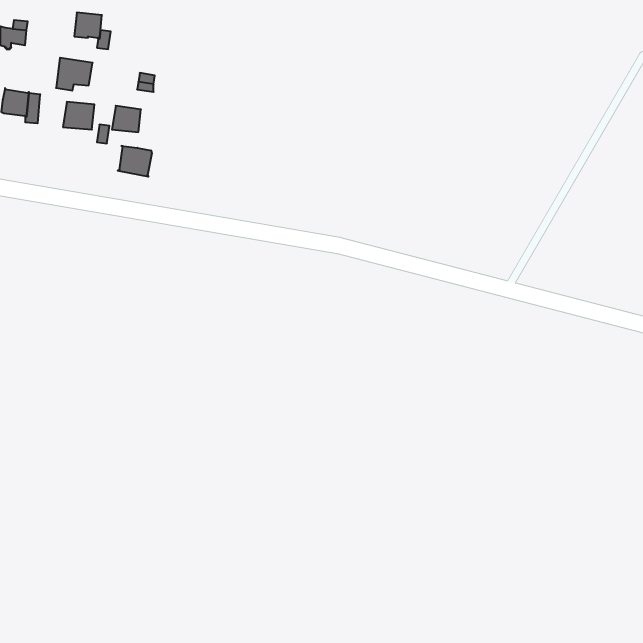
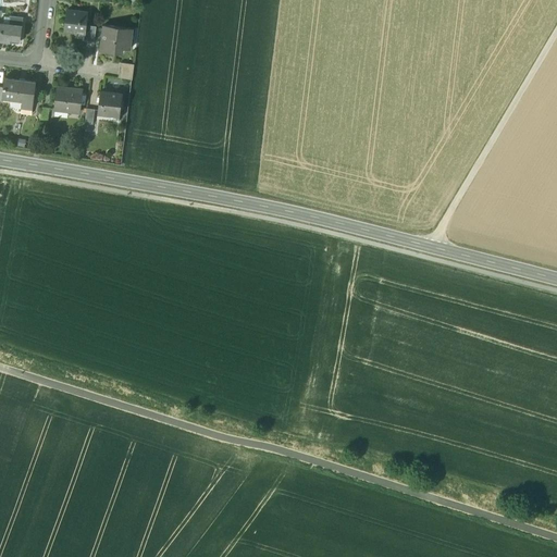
building: [56,58,93,91] -> [101,25,133,53]
building: [118,146,152,177] -> none

